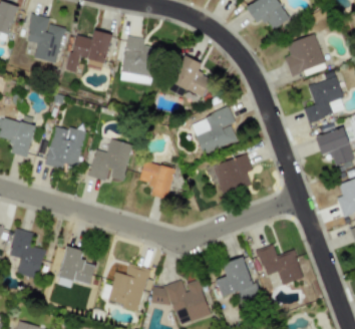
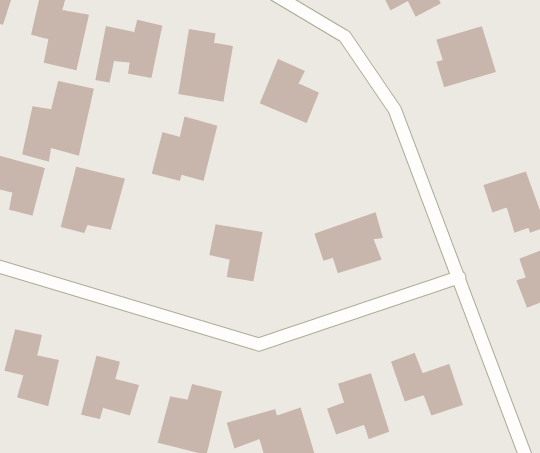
building: none -> [22,80,94,163]
building: [304,76,347,122] -> none
building: [192,107,241,153] -> none
building: [89,138,132,181] -> [151,116,218,182]

